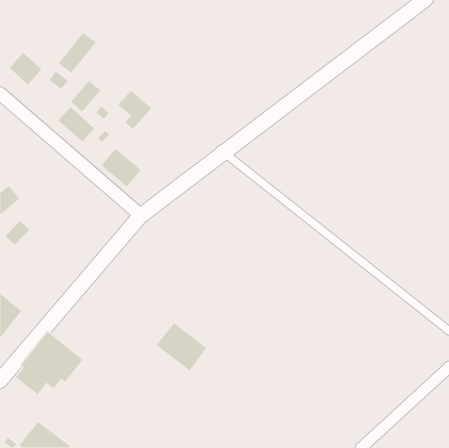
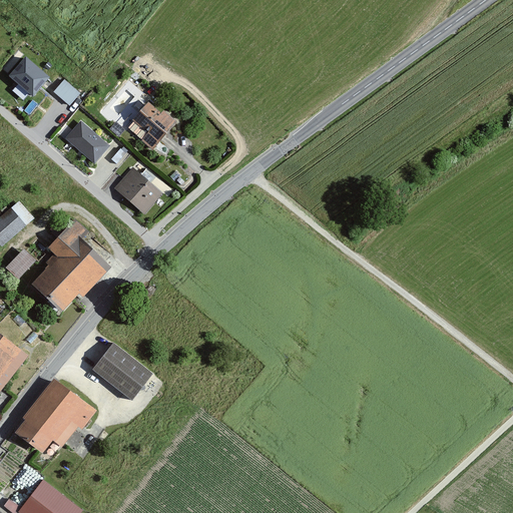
building: [58,32,97,74] -> none
building: [70,80,101,112] -> none
building: none -> [33,222,105,315]
building: [155,322,207,371] -> [92,341,151,397]

